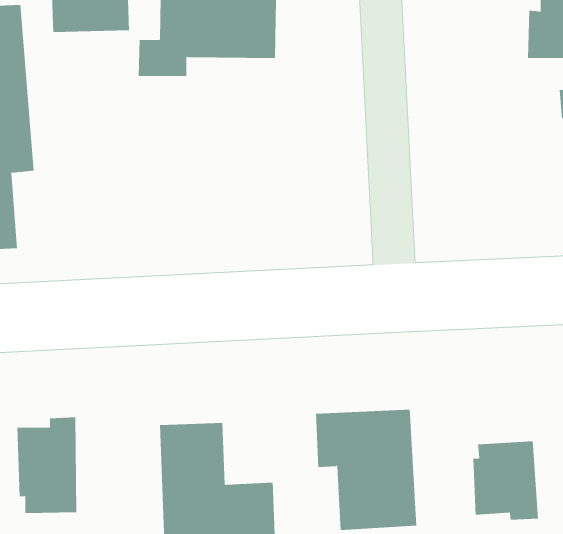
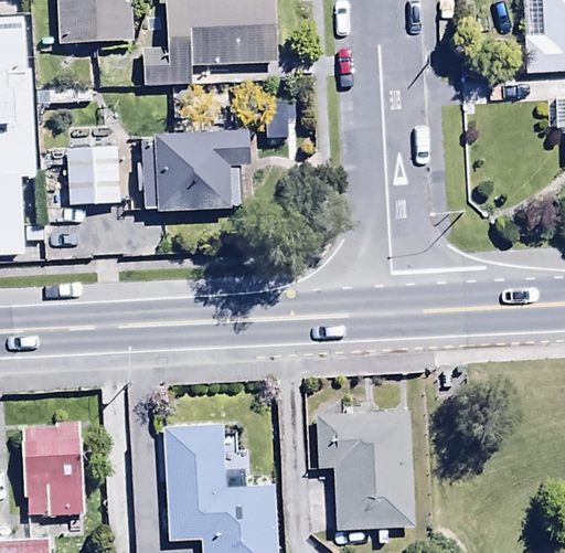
building: none -> [136,131,248,212]
building: none -> [66,147,120,201]
building: [473,441,539,520] -> none

